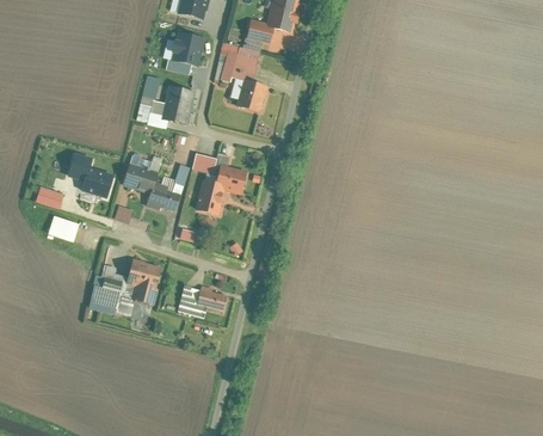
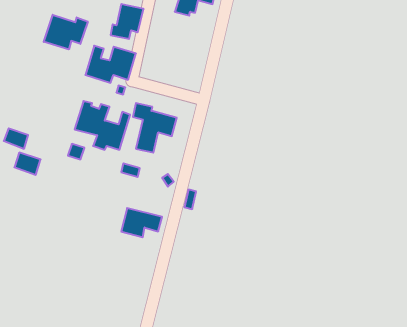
building: [218,42,269,115] -> none
building: none -> [44,15,88,49]
building: [67,153,115,204] -> none
building: [88,259,163,317] -> none

